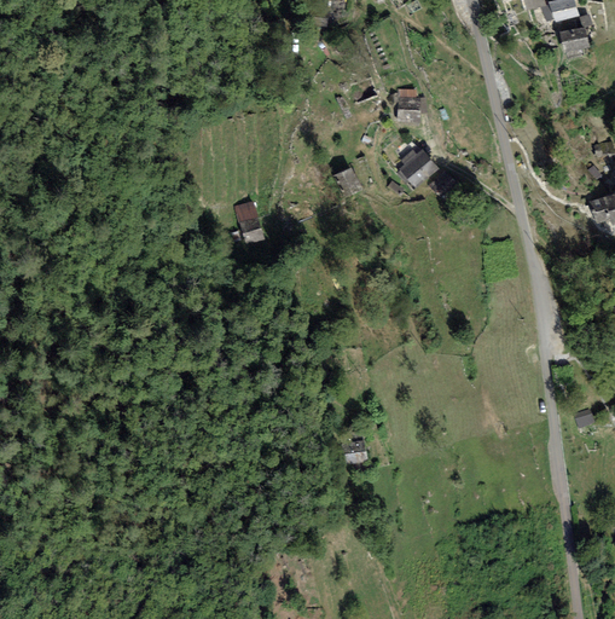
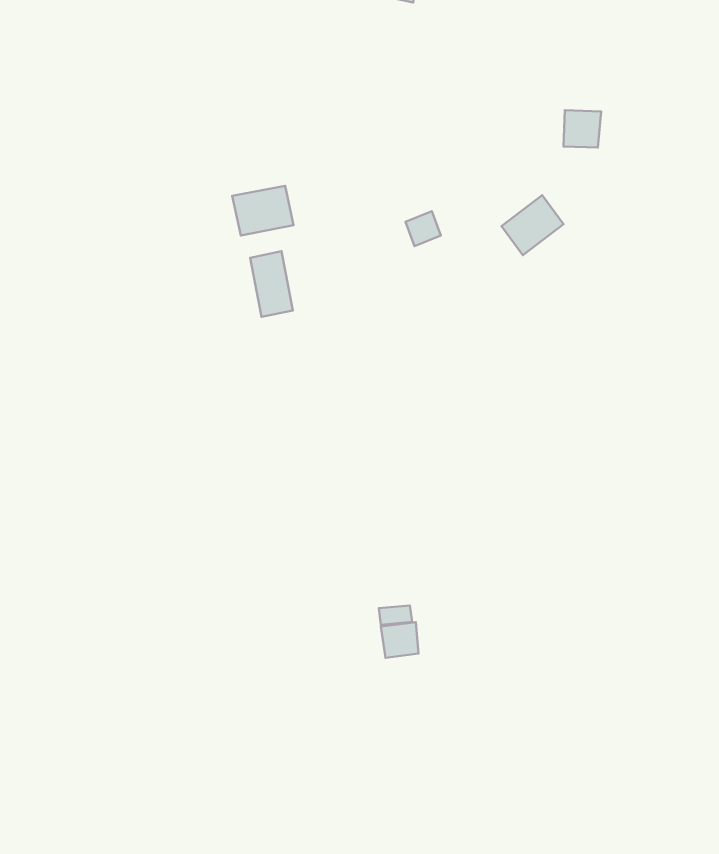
building: [396,97,420,122] -> [564,110,601,148]
building: none -> [232,186,294,235]

